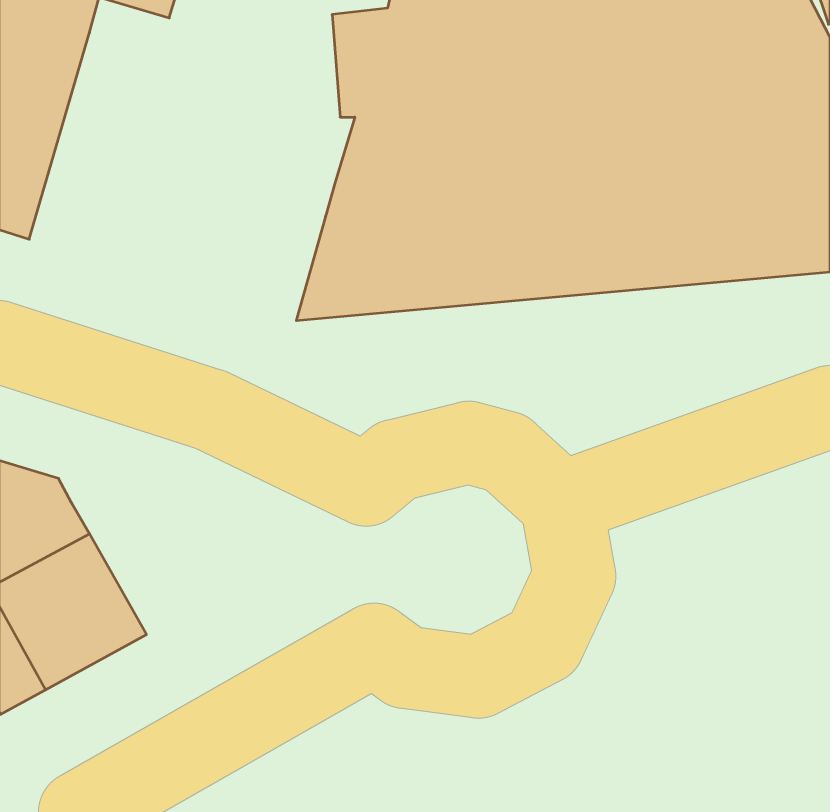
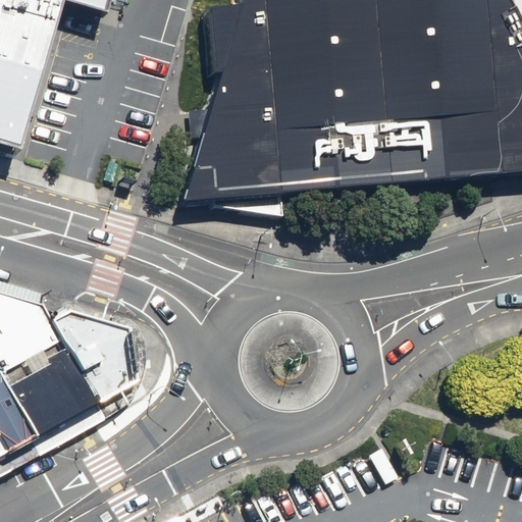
building: none -> [45,306,128,398]

